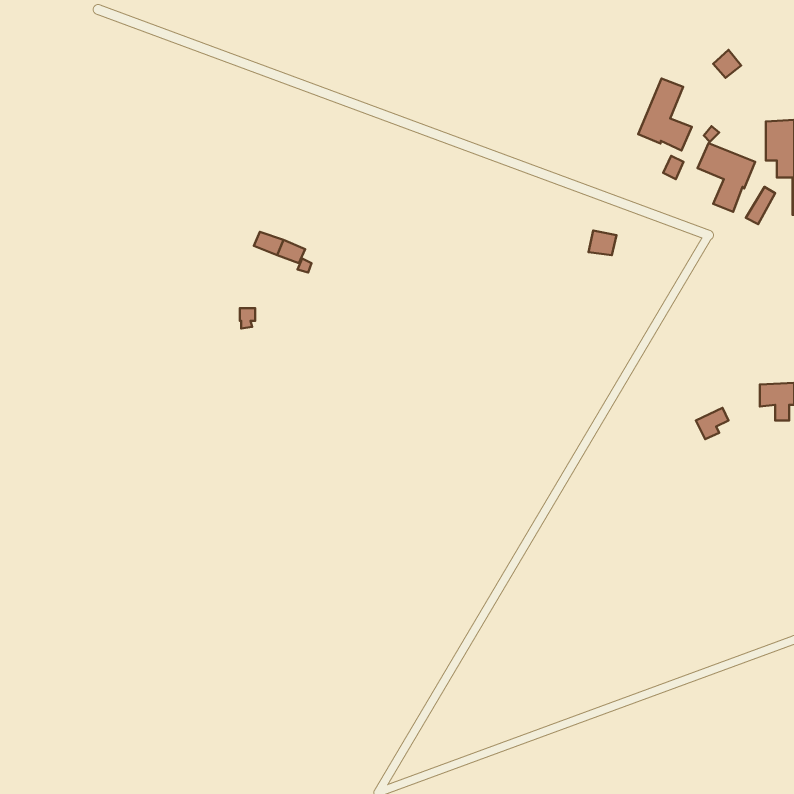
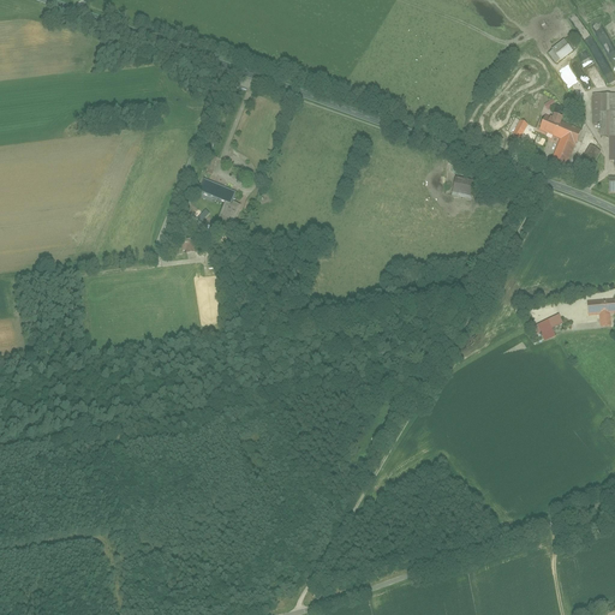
building: [638,79,692,151] -> none

